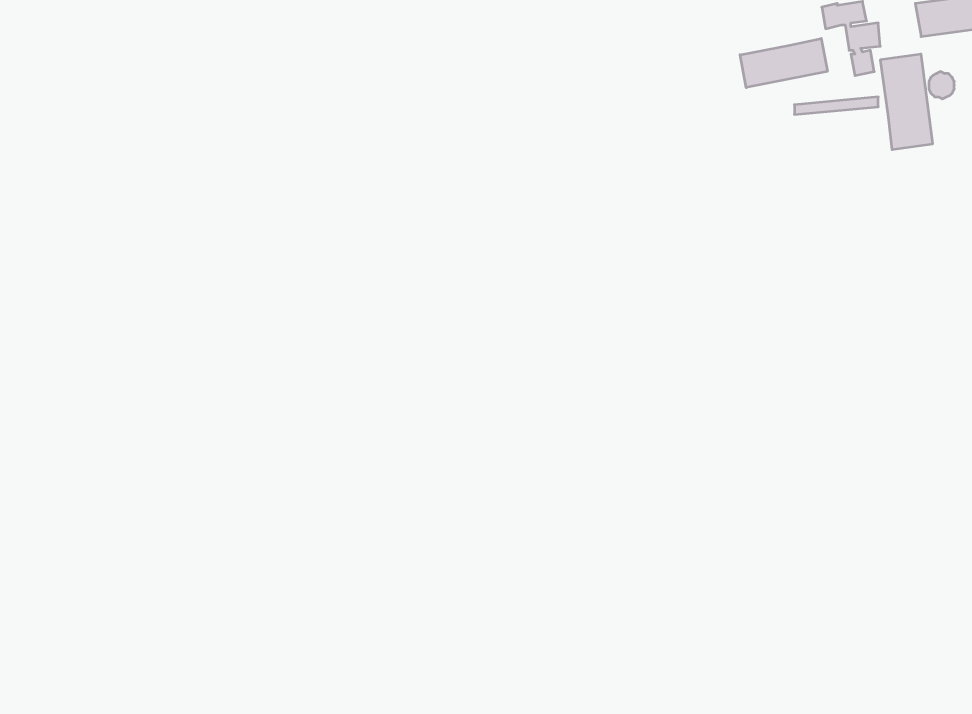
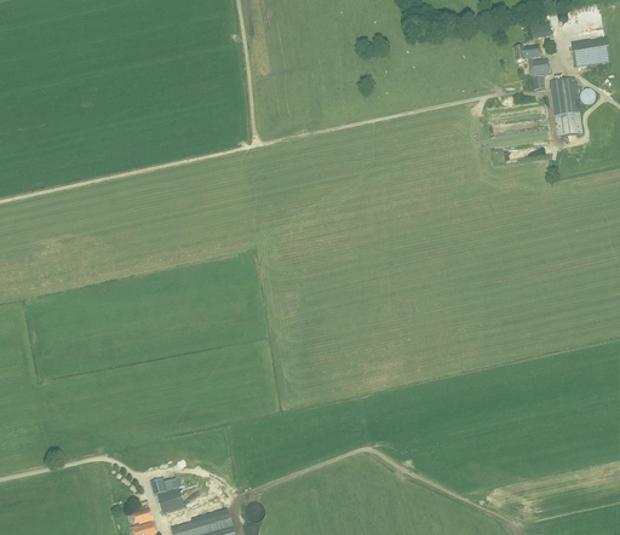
building: [740,38,827,88] -> none

